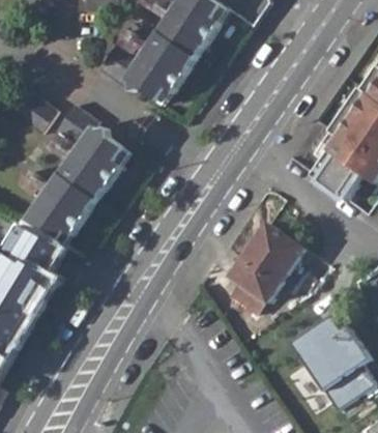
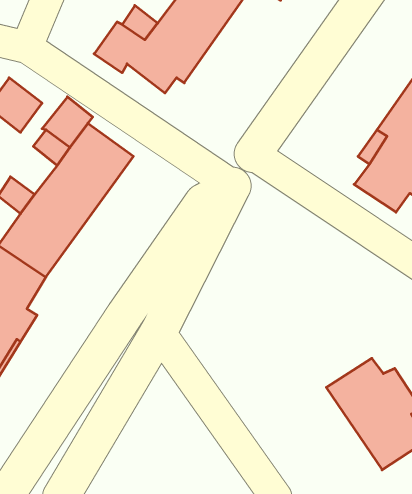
building: [229,225,304,316] -> none

